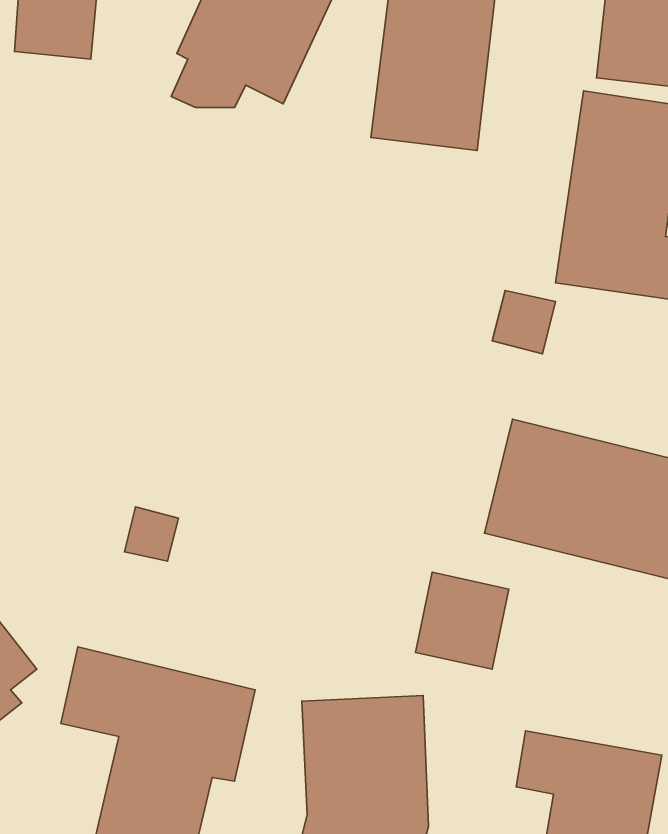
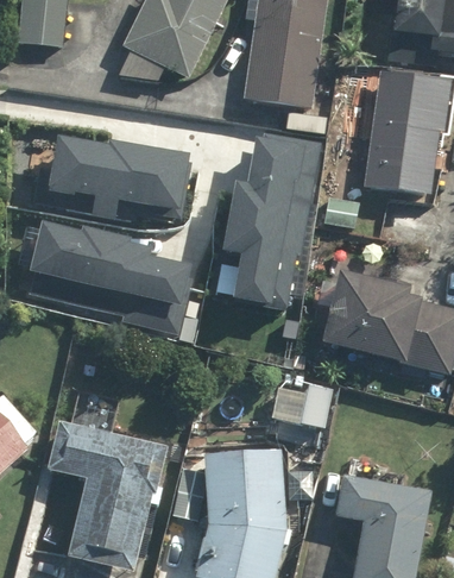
building: none -> [210,127,321,309]
building: none -> [43,137,191,213]
building: none -> [23,220,193,334]

